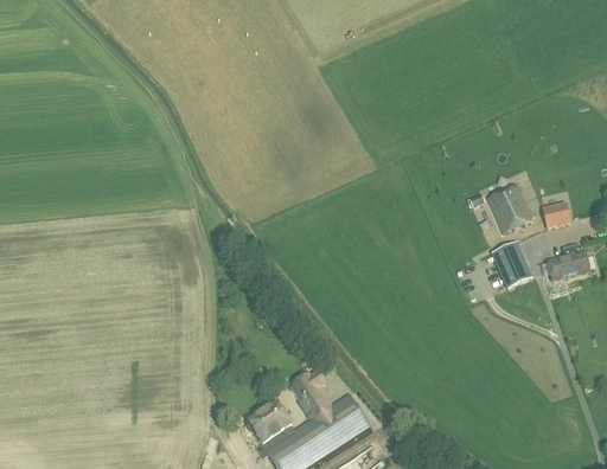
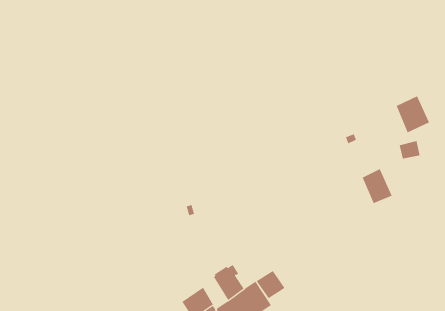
building: [487,184,533,234] -> [396,95,430,133]
building: [548,252,590,281] -> none
building: none -> [256,270,285,299]

